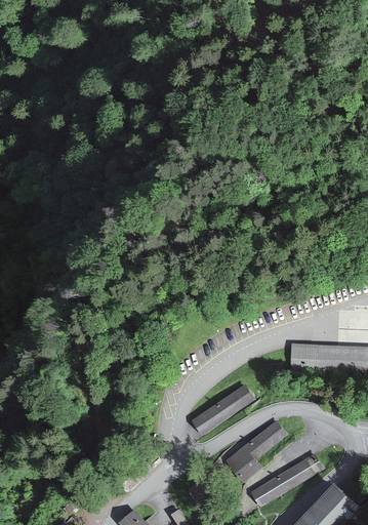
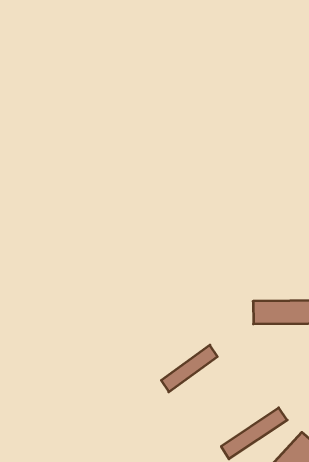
building: [226,423,283,481] -> none

